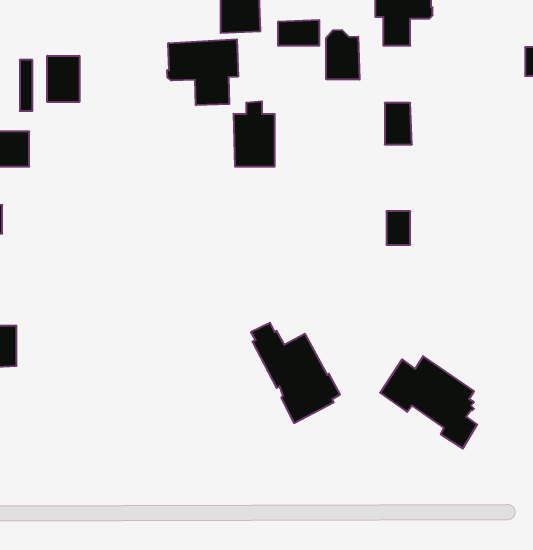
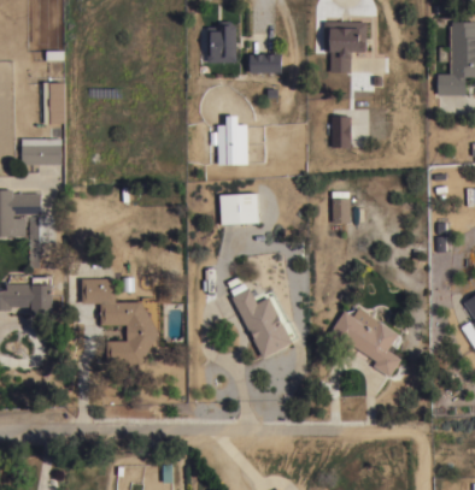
building: [326,30,360,80] -> none
building: [167,39,238,105] -> none
building: [47,56,79,102] -> none
building: none -> [218,193,259,224]
building: none -> [81,278,159,364]

